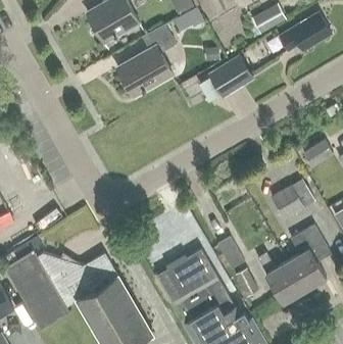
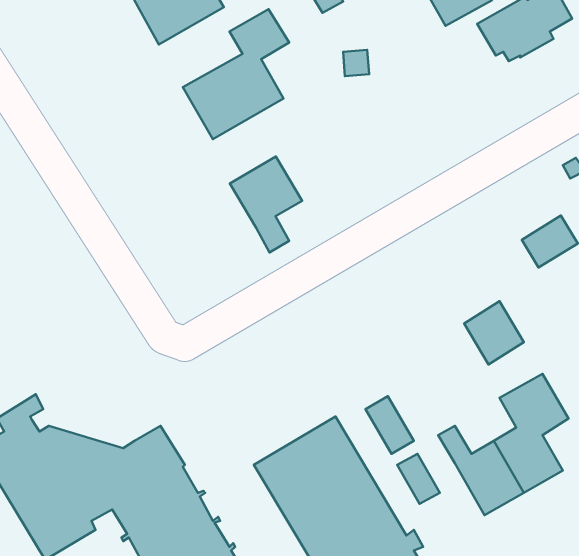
building: [208,53,255,98] -> none
building: none -> [230,156,302,252]

